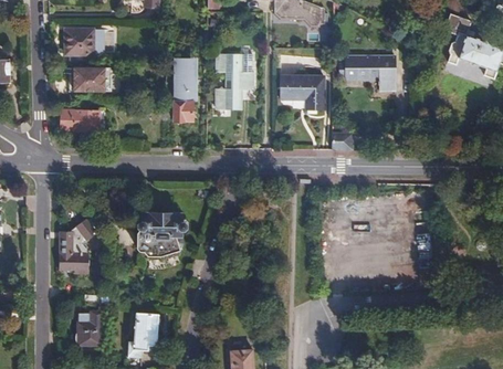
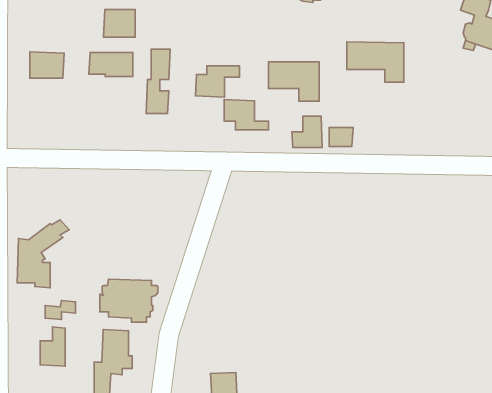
building: [73,29,101,53] -> [104,10,135,37]
building: [214,54,253,81] -> [224,100,268,130]
building: [61,112,99,133] -> [89,53,133,77]
building: none -> [292,116,322,148]
building: [137,212,188,250] -> [100,279,158,322]

